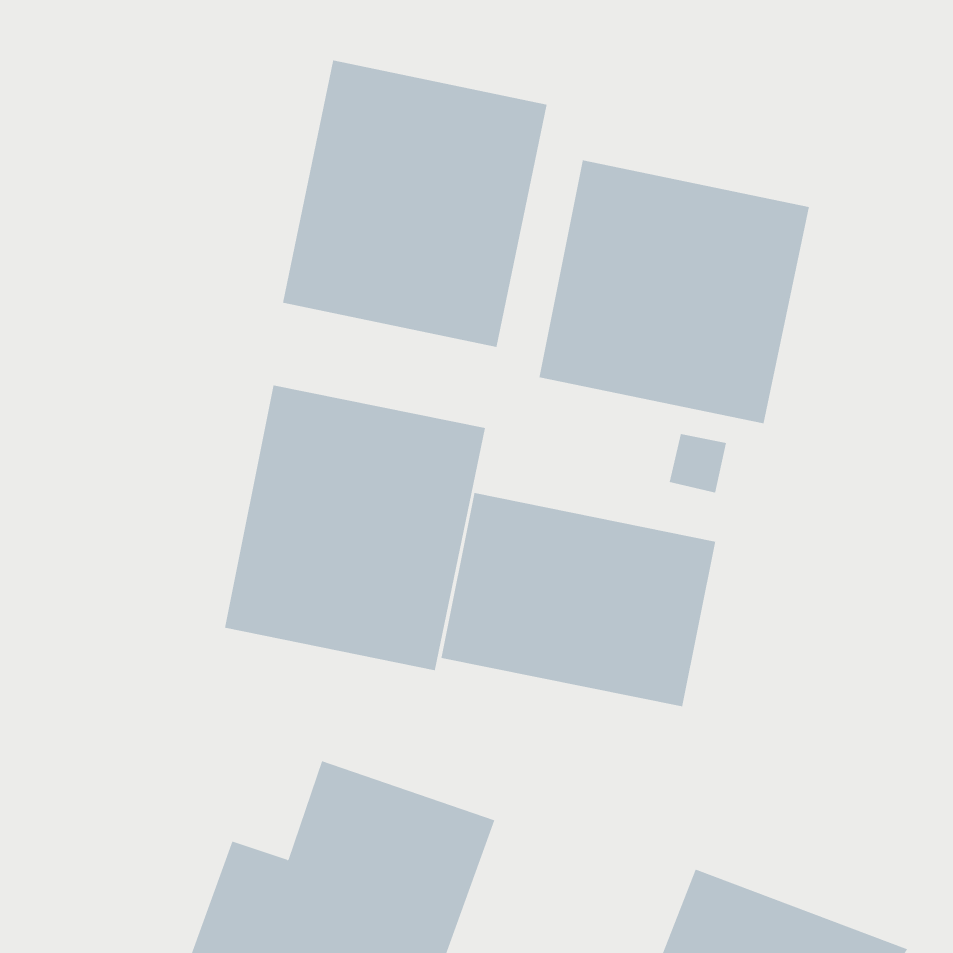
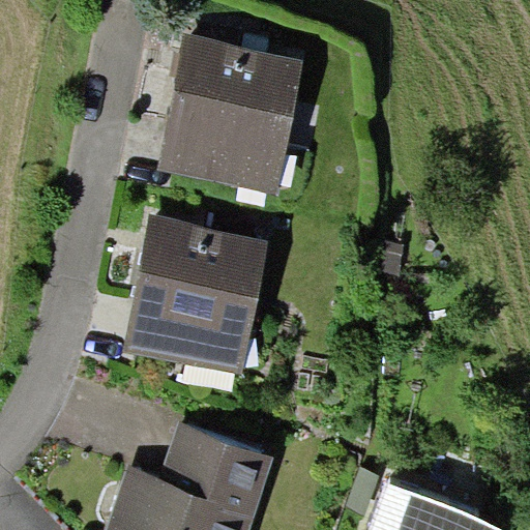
building: [539,159,810,424] -> none
building: [441,492,716,707] -> none

